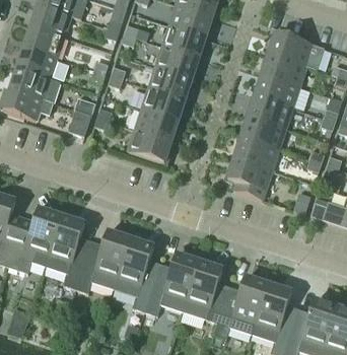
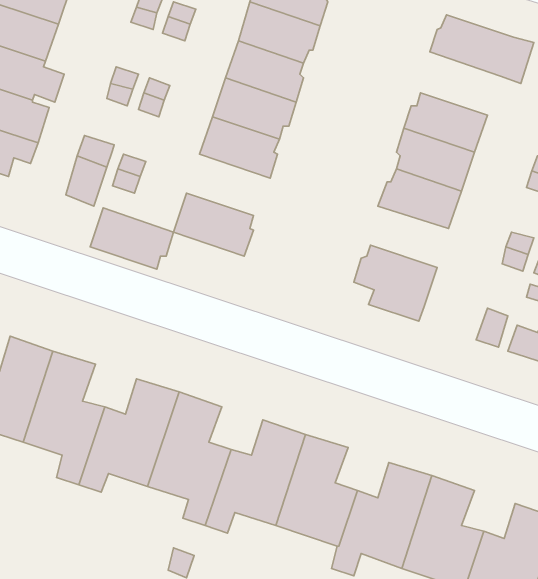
building: [263,51,306,85] -> none
building: [135,106,181,140] -> [90,208,174,269]
building: [235,135,278,168] -> none

